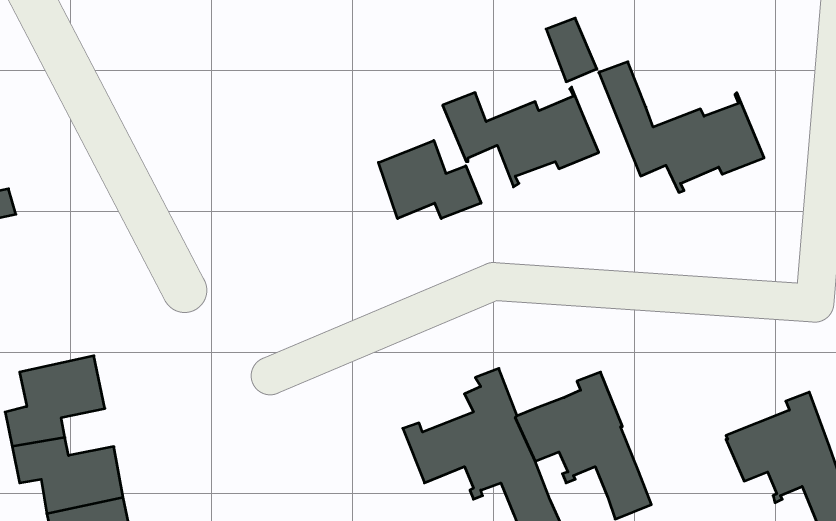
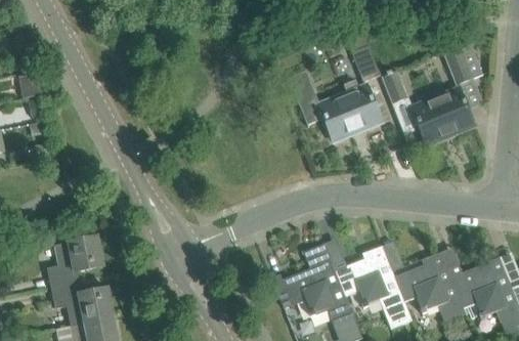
building: none -> [444,48,482,84]
building: [378,140,481,219] -> none
building: none -> [394,251,467,322]

